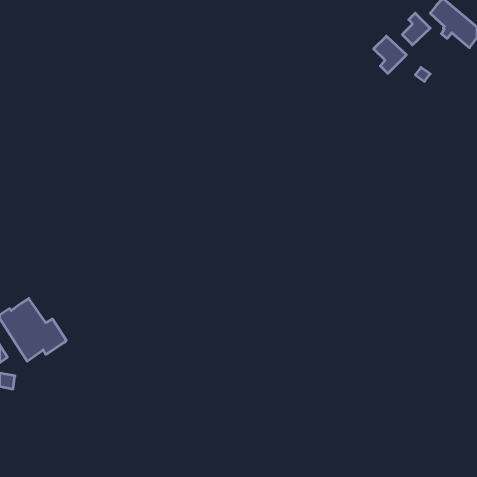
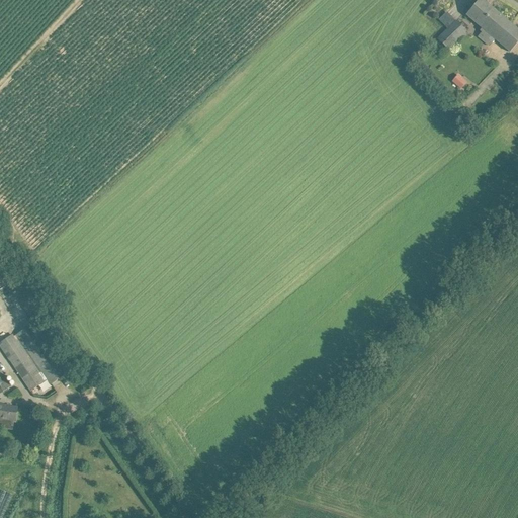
building: [374,36,406,73] -> none

